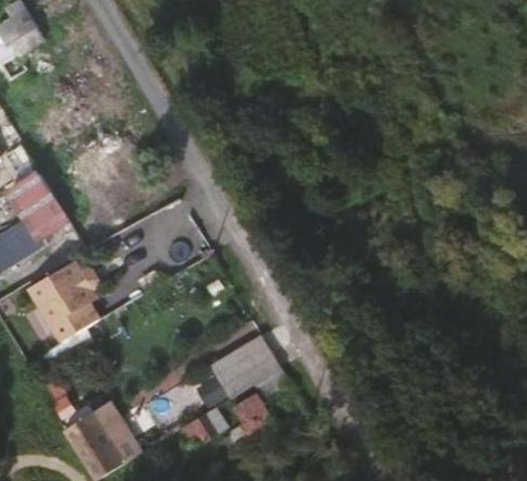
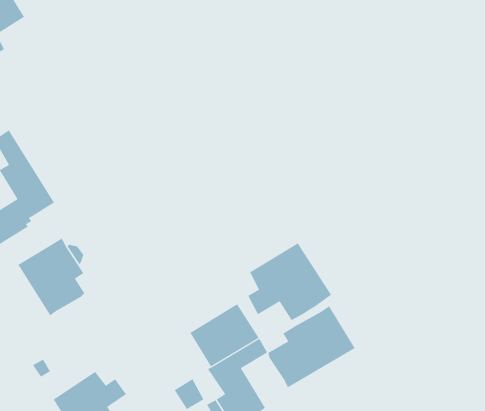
building: none -> [248,242,332,321]
building: none -> [268,305,355,388]

